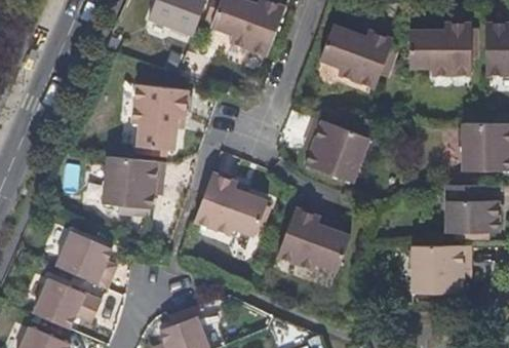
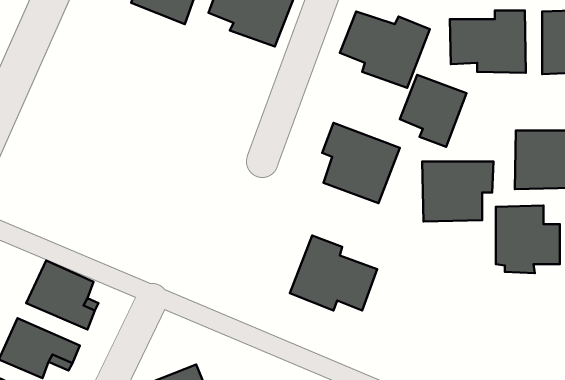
building: none -> [400,75,467,147]
building: [130,84,185,151] -> none
building: [100,155,162,209] -> none
building: [193,173,265,237] -> none
building: [412,245,470,295] -> [422,161,493,221]

